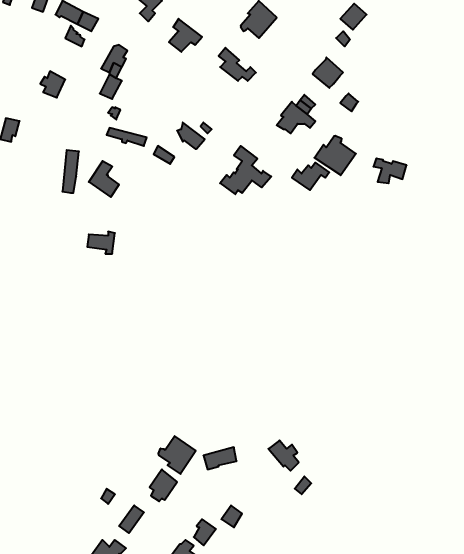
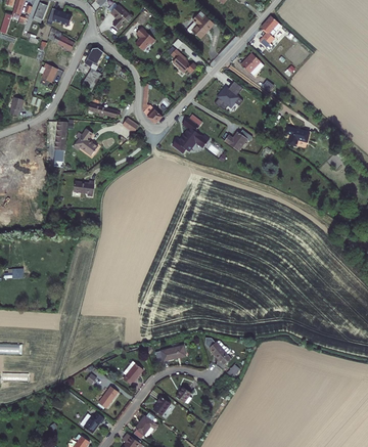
building: [314,136,356,175] -> none
building: [158,436,196,474] -> none

